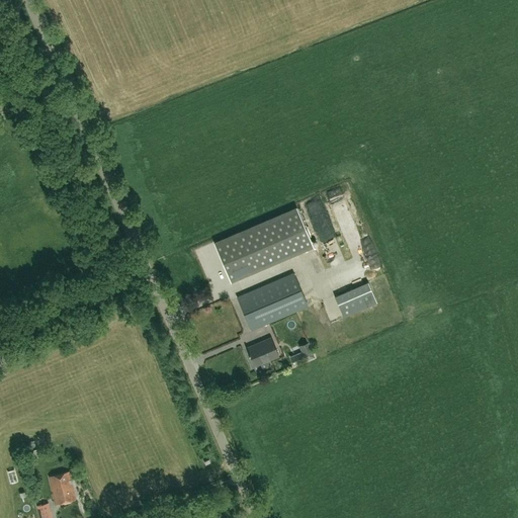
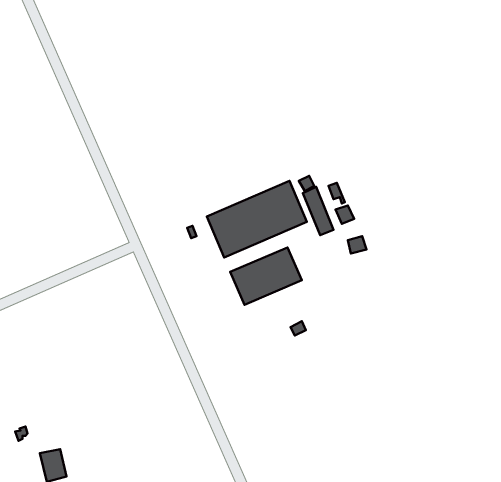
building: [336,281,377,317] -> none
building: [248,338,279,366] -> none

